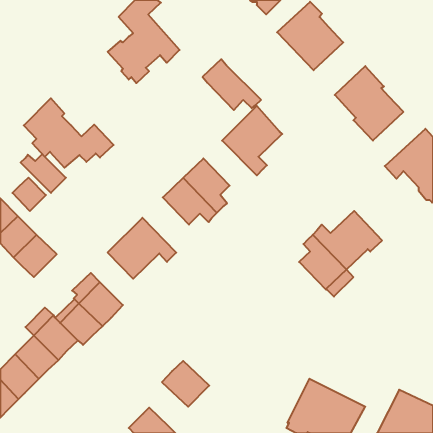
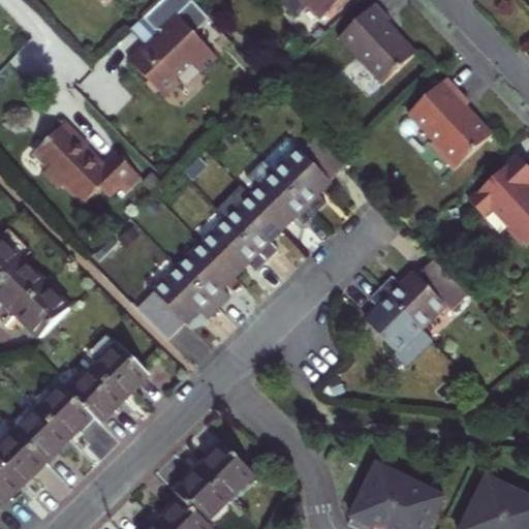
building: [203,59,261,110] -> [242,164,313,226]
building: [21,154,66,193] -> none
building: [12,178,46,211] -> none
building: none -> [174,241,230,308]
building: none -> [174,466,229,520]

